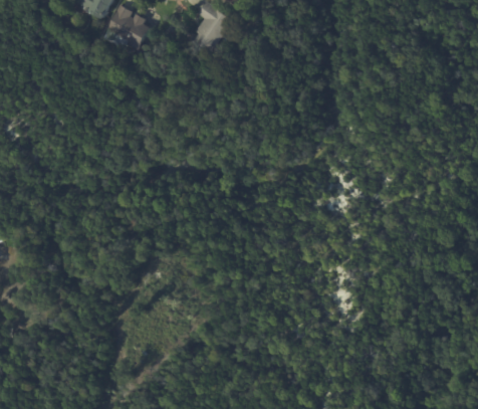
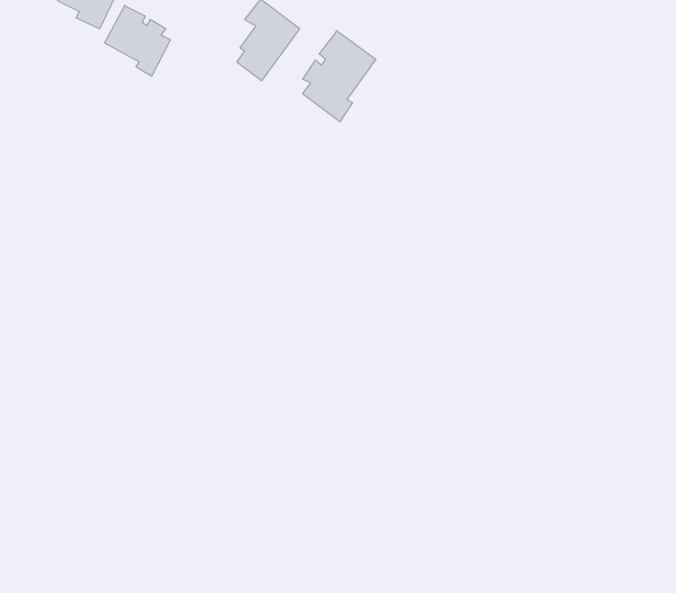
building: none -> [303,31,376,122]

